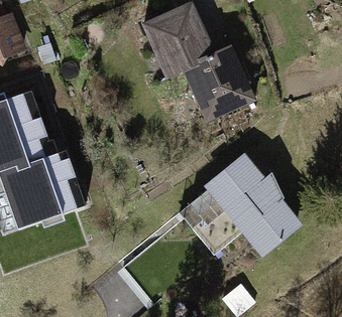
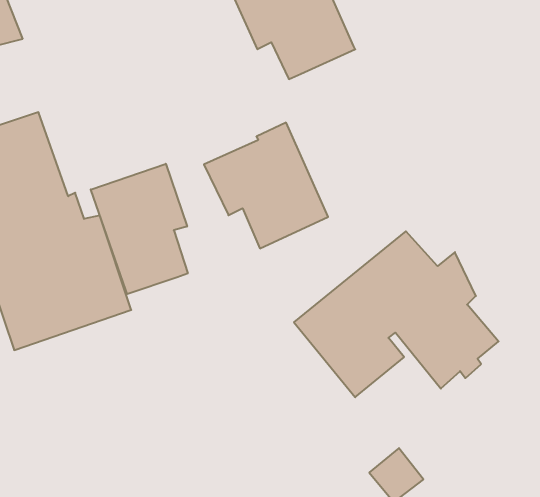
building: [183,44,254,117] -> [204,123,328,248]
building: none -> [91,164,188,294]

